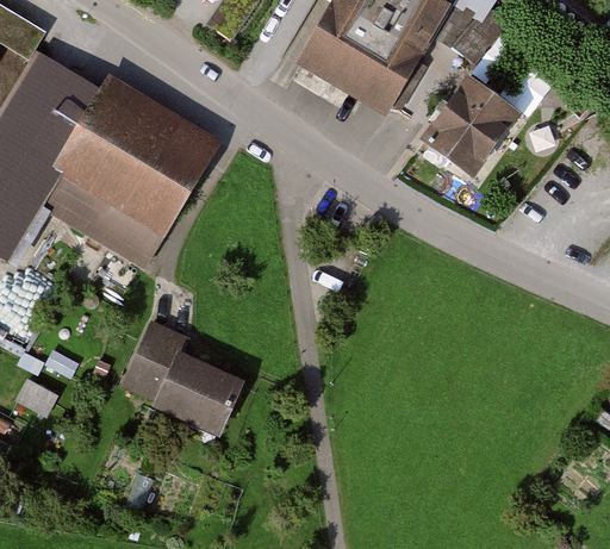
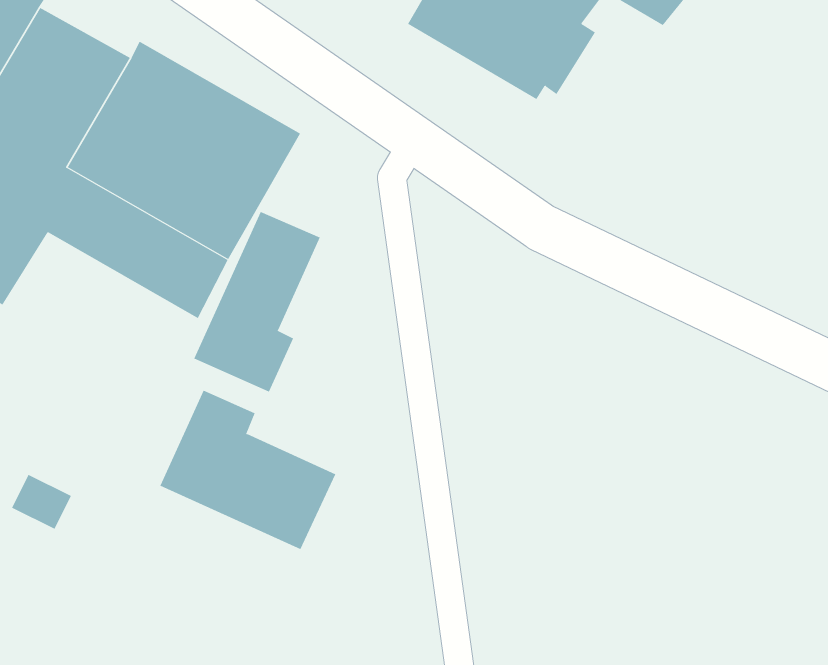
building: [422,70,523,174] -> none
building: none -> [194,211,320,393]

